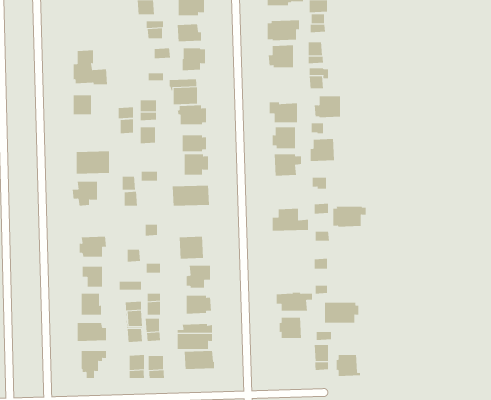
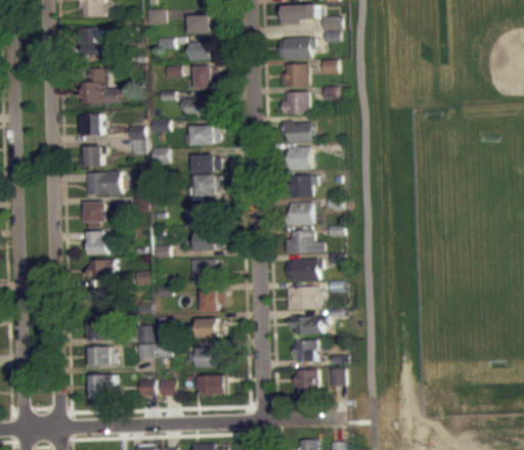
building: none -> [82,27,120,54]
building: [314,96,341,118] -> [280,91,308,114]
building: none -> [79,146,104,170]
building: [310,138,335,161] -> [286,201,311,225]
building: [332,206,366,227] -> [287,259,321,280]
building: none -> [85,230,110,254]
building: none -> [189,231,219,250]
building: [324,302,359,323] -> [287,286,322,308]
building: [336,354,361,376] -> [293,369,318,392]

